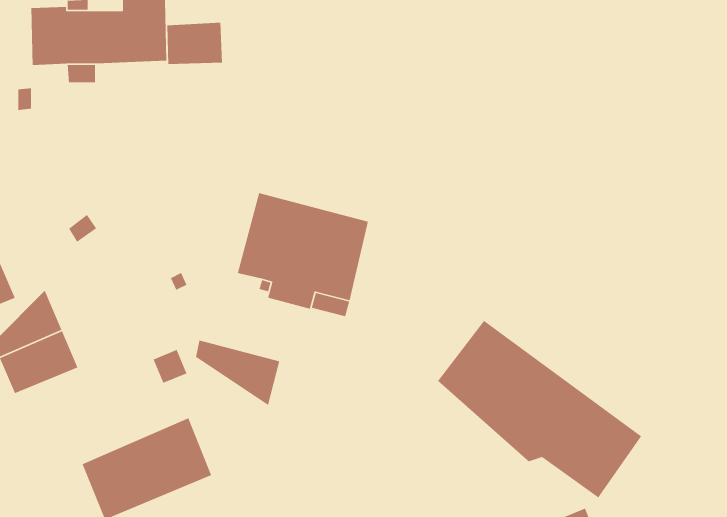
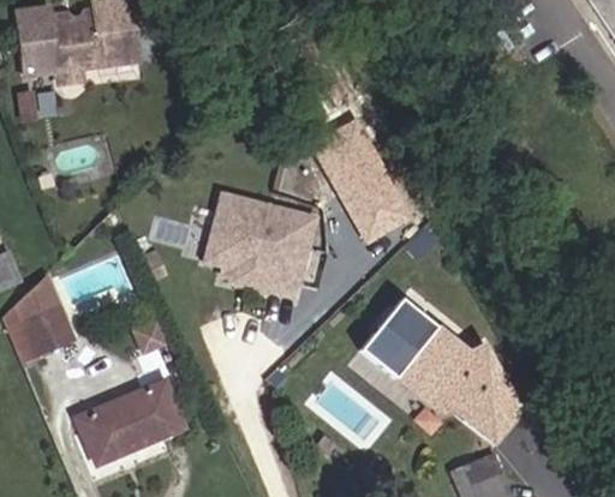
building: [166,22,223,65] -> none
building: none -> [308,115,412,240]
building: [195,339,280,406] -> none

